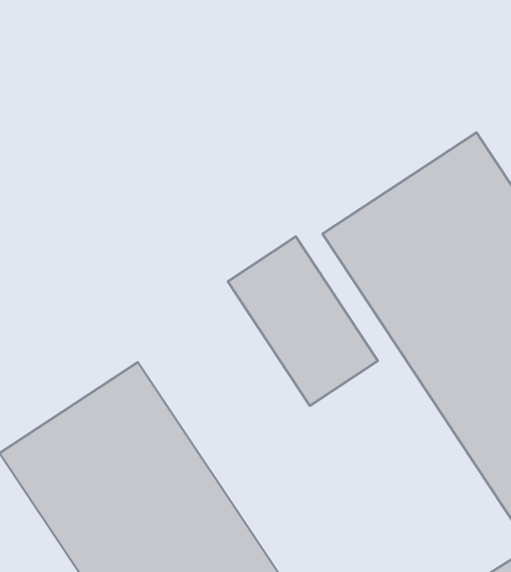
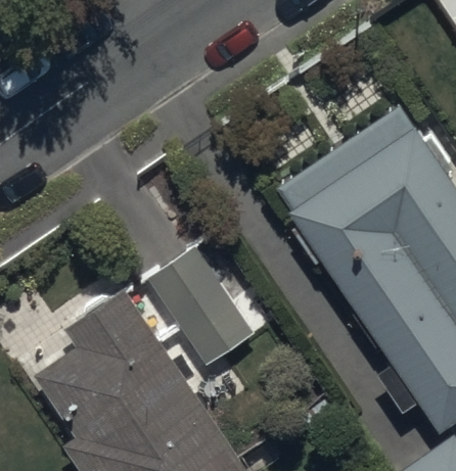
building: [228,237,378,406] -> [143,237,263,372]

